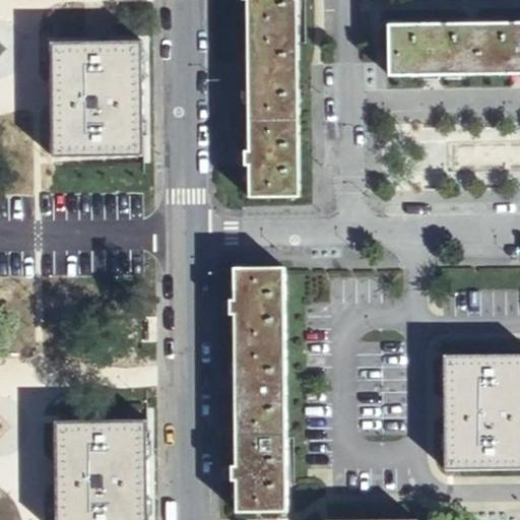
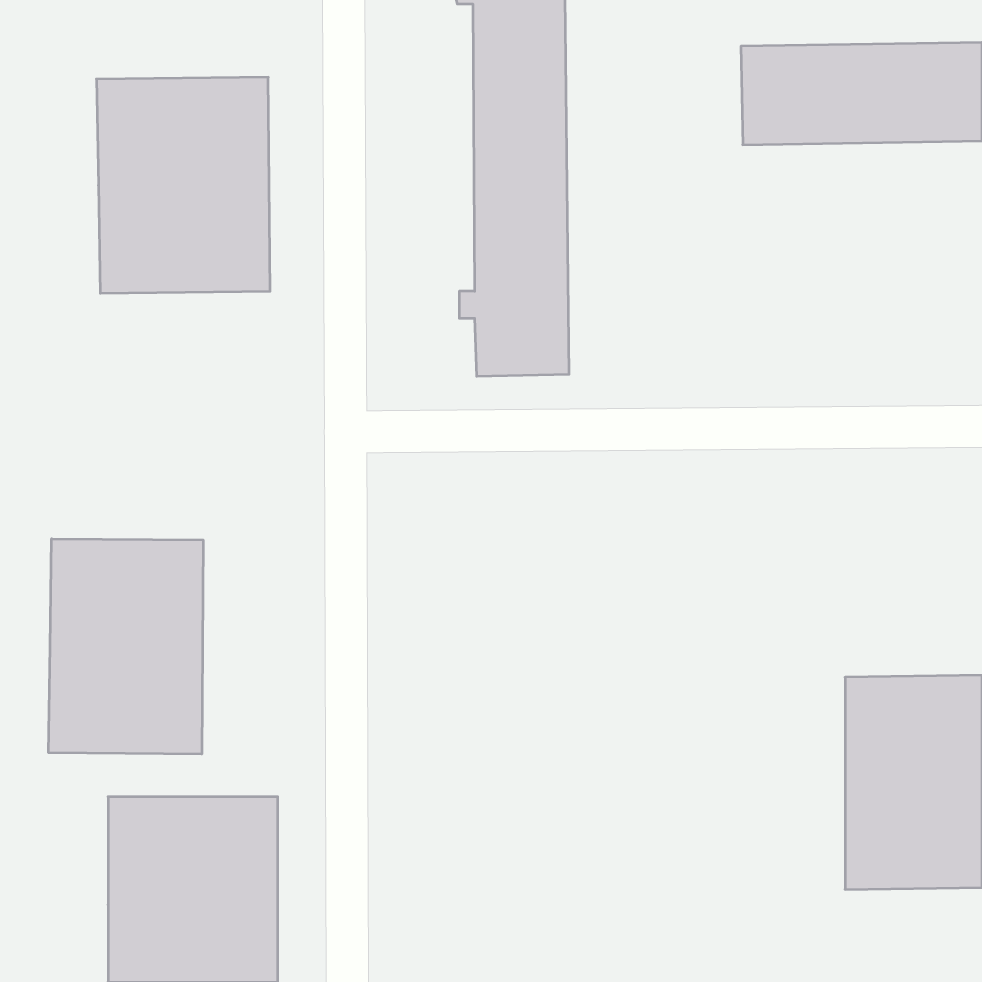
building: [224,269,282,512] -> none
building: none -> [49,539,203,754]

